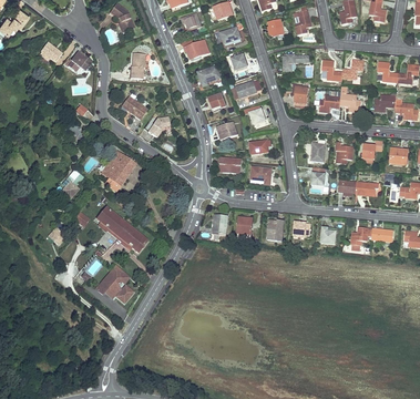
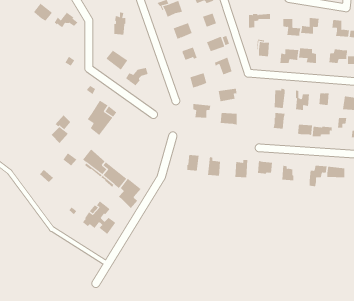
building: none -> [118,178,141,209]

